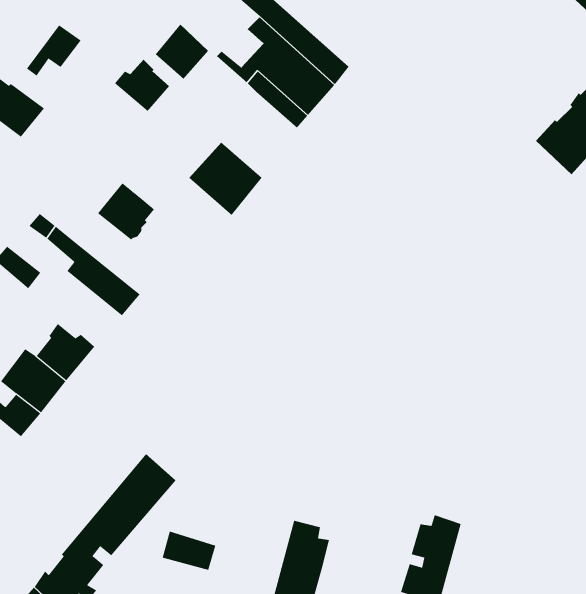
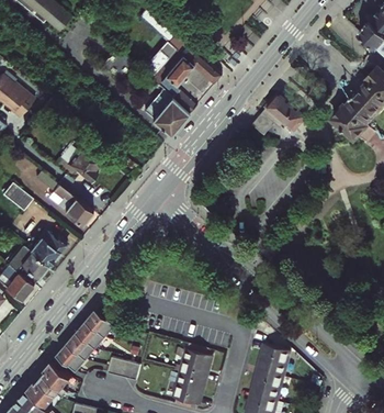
building: [26,24,82,76] -> none
building: [114,59,170,112] -> none
building: none -> [251,93,305,136]
building: [189,142,263,216] -> [144,89,189,134]

